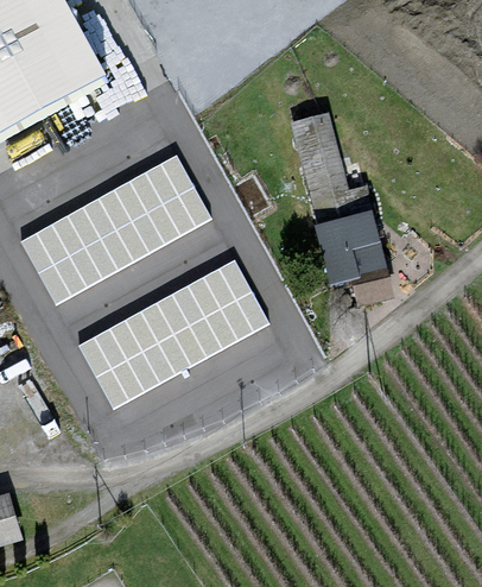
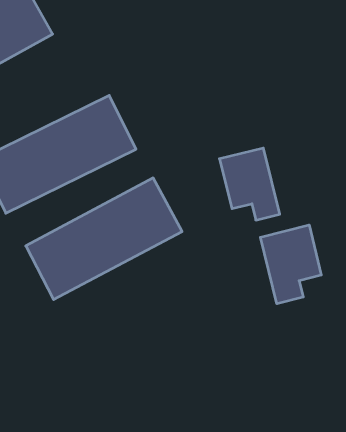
building: [292,120,372,233] -> none
building: none -> [260,225,321,304]

